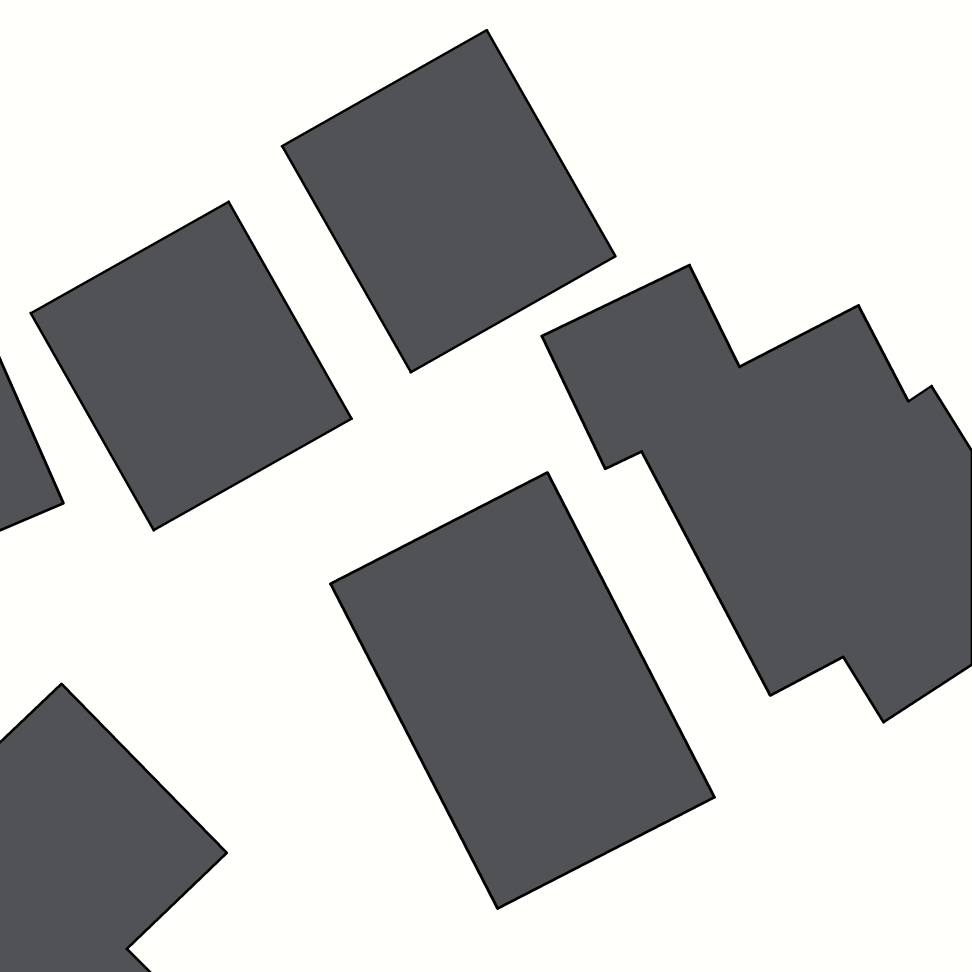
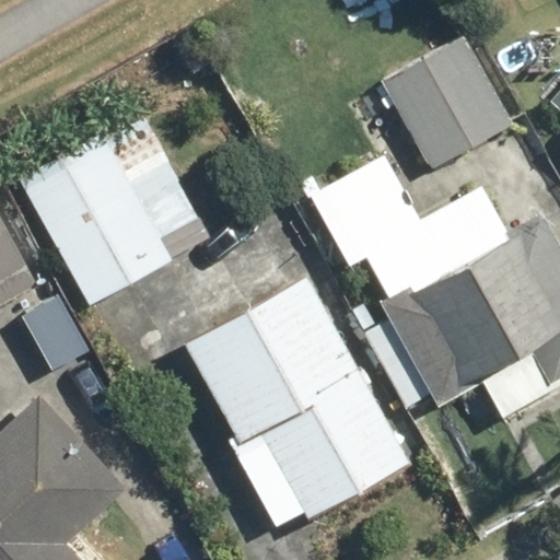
building: [282,30,615,372] -> none
building: none -> [386,44,509,170]

